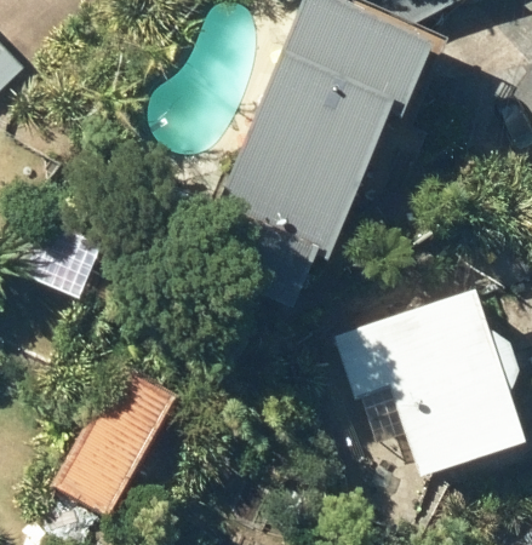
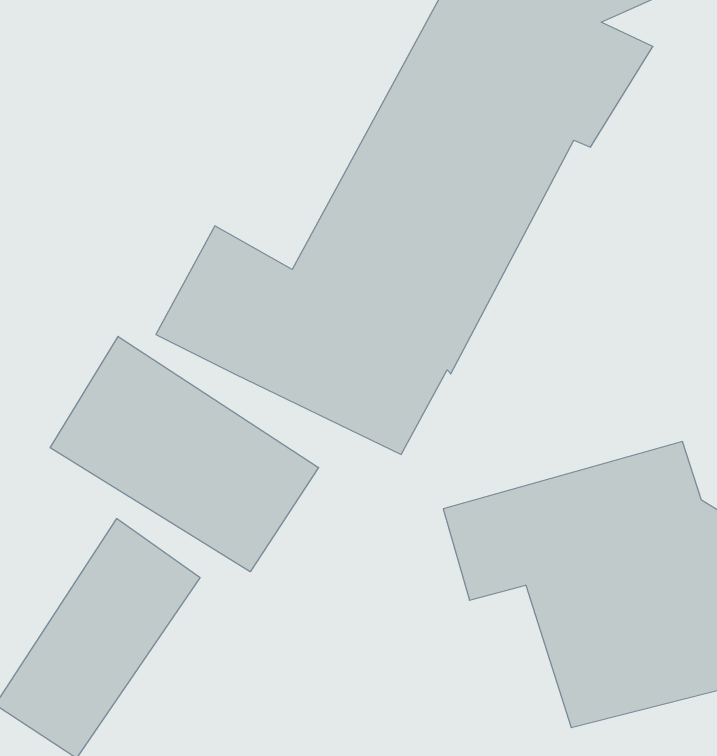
building: none -> [50,336,319,572]

